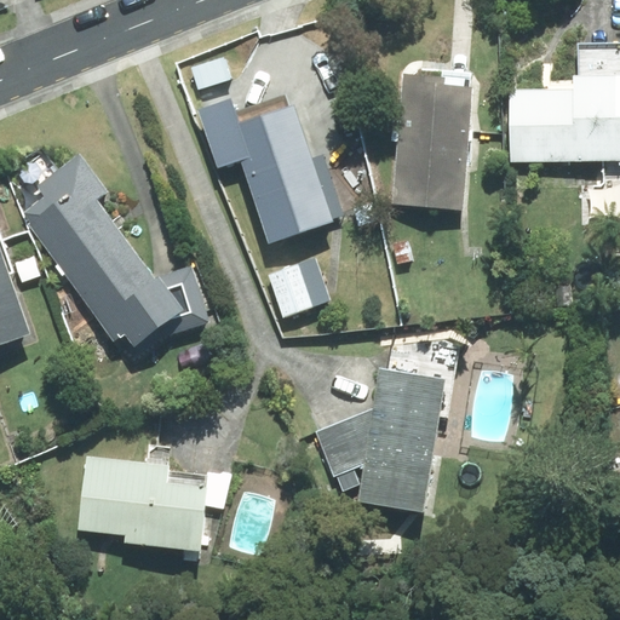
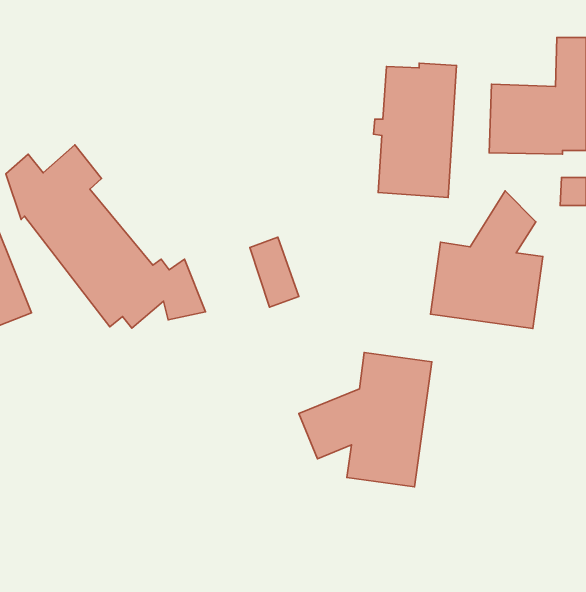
building: [199,97,337,243] -> none
building: none -> [430,191,543,329]
building: [79,458,229,549] -> none

